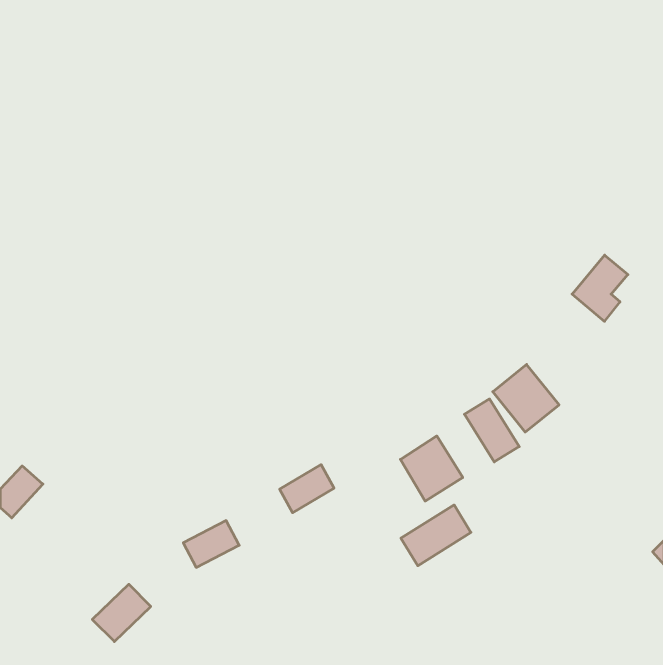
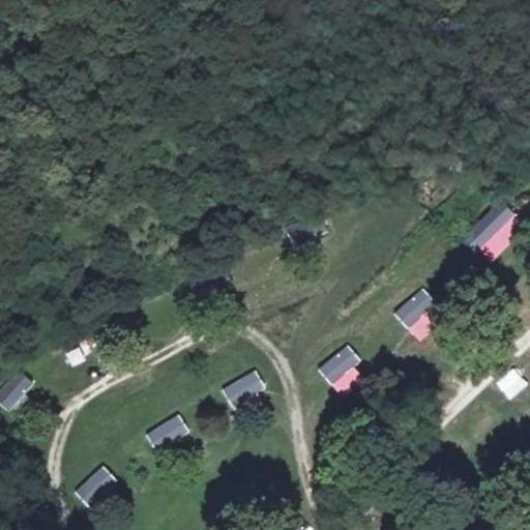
building: [464,399,519,462] -> none
building: [401,505,471,566] -> none

